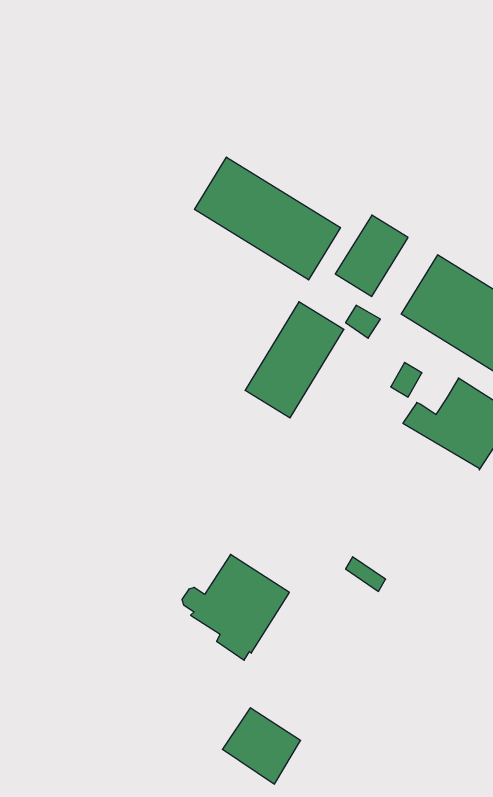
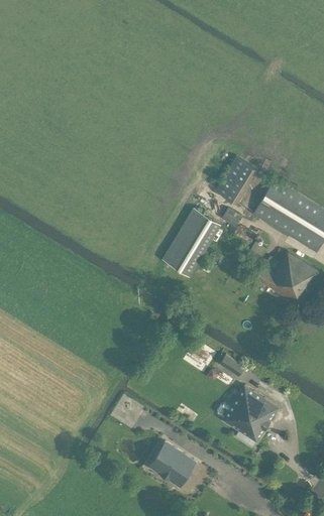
building: [195,157,340,280] -> none
building: [182,554,289,660] -> [216,385,279,446]

